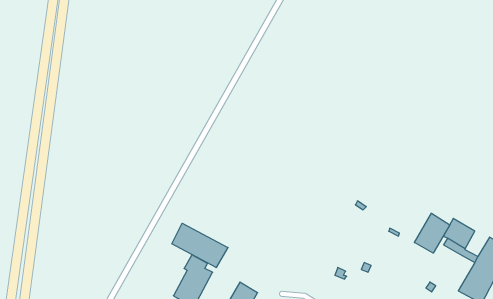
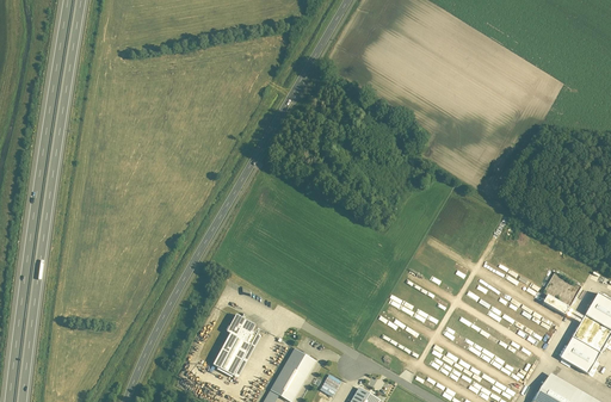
building: [414,213,450,253] -> none
building: [172,223,228,268] -> none

